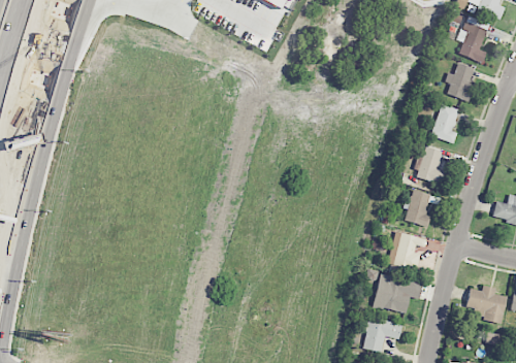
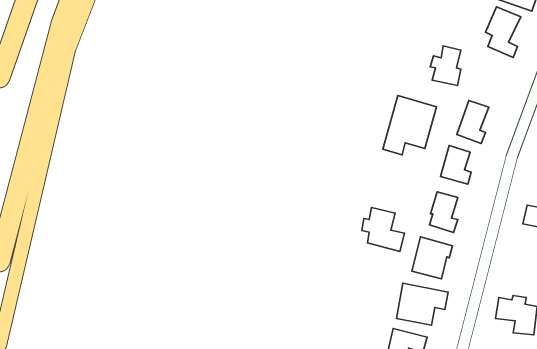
building: [445,63,474,100] -> [430,46,461,86]
building: none -> [383,96,437,155]
building: none -> [362,208,405,251]

